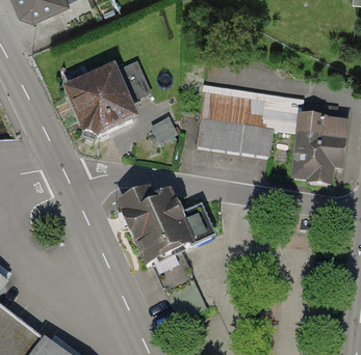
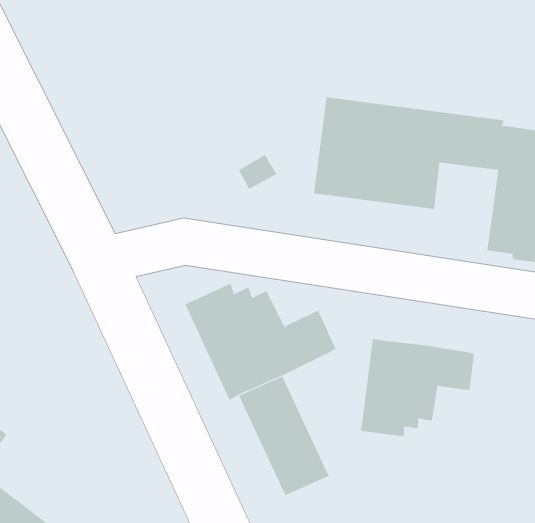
building: [71,66,150,142] -> none
building: none -> [360,338,475,437]

